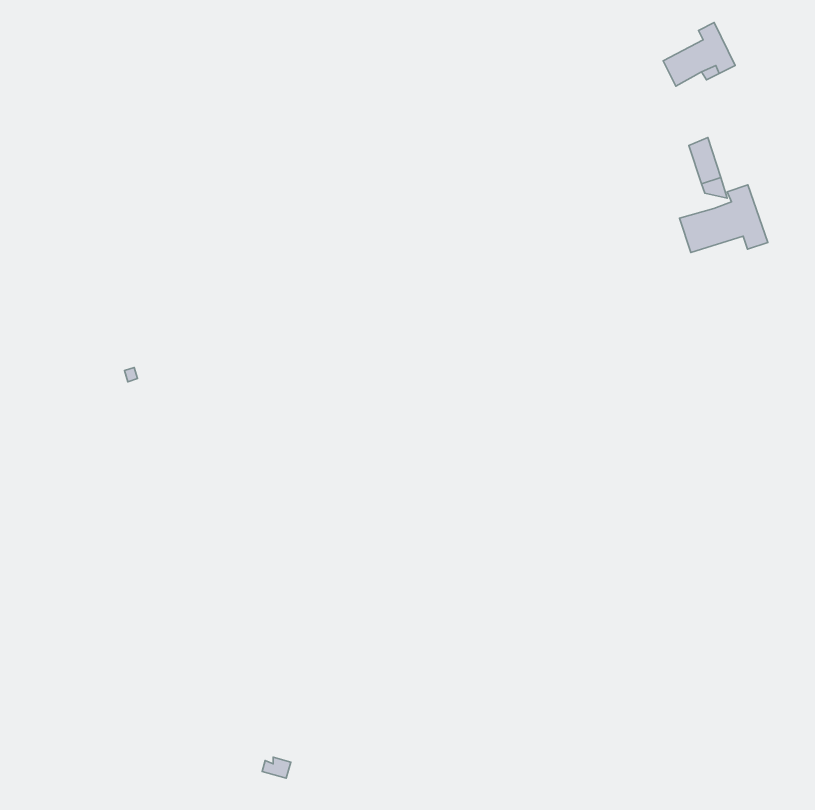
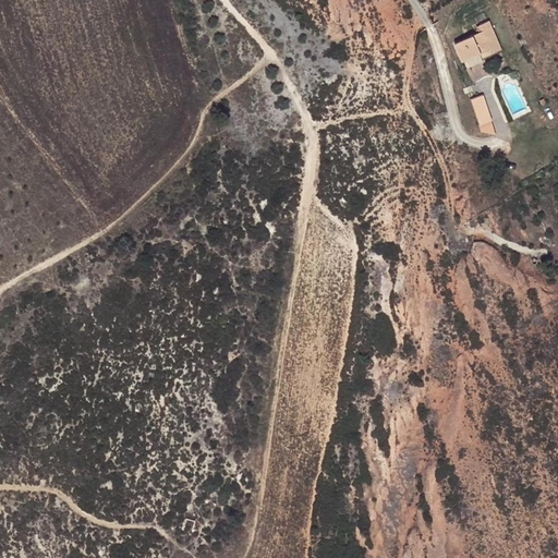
building: [679,185,768,253] -> none

